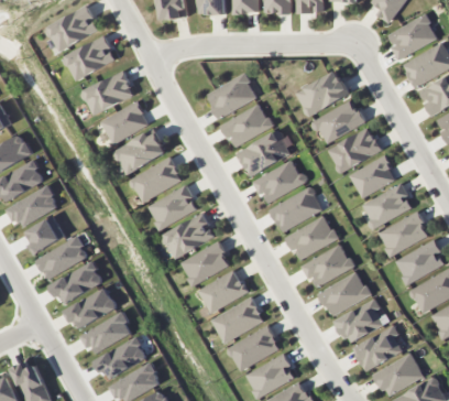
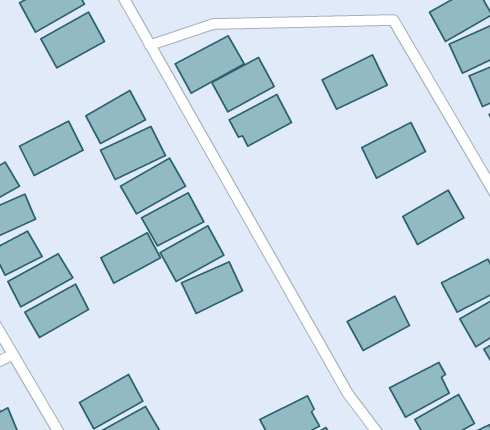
building: [81,71,134,116] -> [20,121,83,175]
building: [314,99,365,143] -> none
building: [236,129,293,176] -> [175,36,244,93]
building: [351,156,396,196] -> none
building: [253,159,305,204] -> none
building: [269,186,322,232] -> none
building: [379,212,430,257] -> none
building: [285,215,337,260] -> none
building: [302,243,352,288] -> none
building: [197,270,247,313] -> none
building: [66,288,116,329] -> [101,233,160,283]
building: [210,296,264,344] -> none
building: [335,299,387,344] -> none
building: [78,312,132,353] -> none
building: [227,325,280,371] -> none

